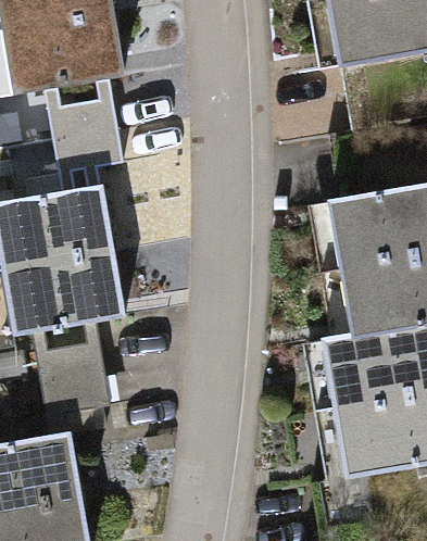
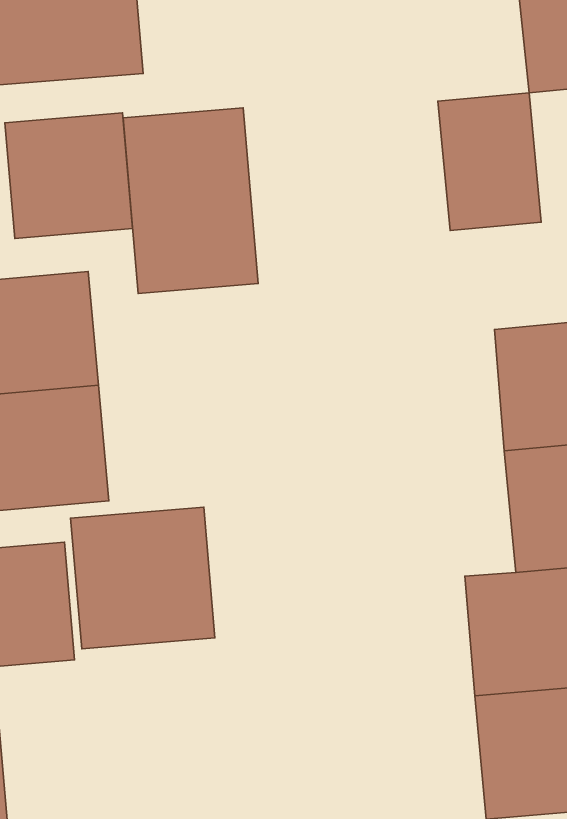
building: none -> [438,93,541,230]
building: none -> [123,108,258,294]
building: none -> [71,507,215,649]

